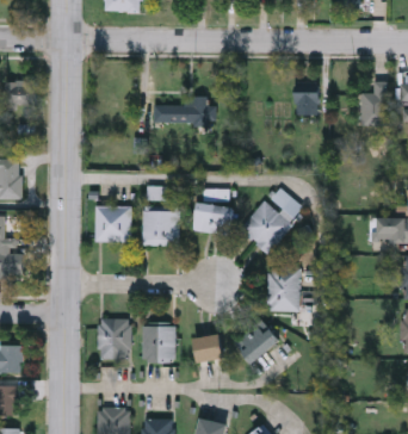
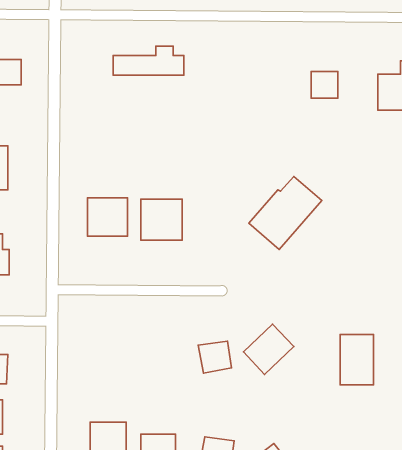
building: [154,97,217,123] -> [113,46,184,75]
building: [194,203,231,232] -> none
building: [268,265,298,310] -> [340,334,373,385]
building: [98,318,130,358] -> none
building: [142,324,174,362] -> none

